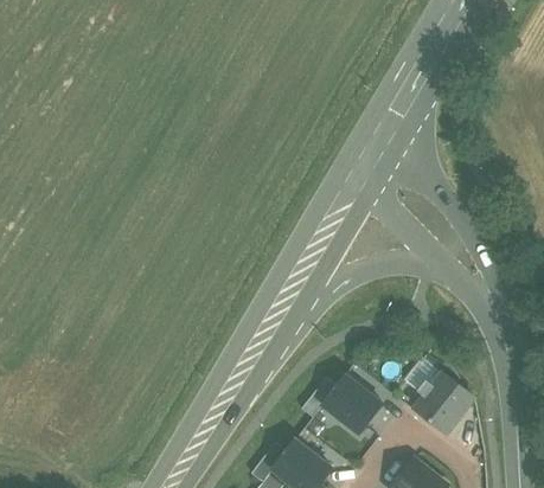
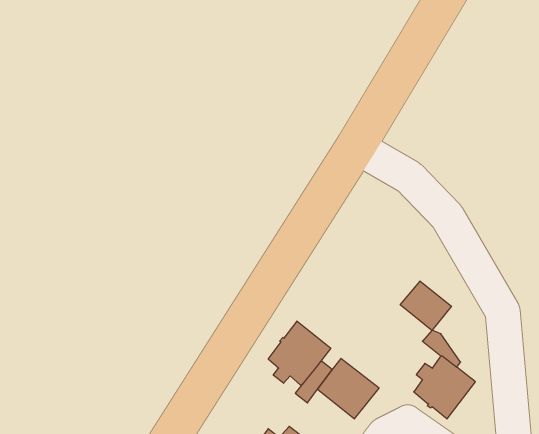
building: none -> [400,281,451,331]
building: none -> [268,321,331,385]

